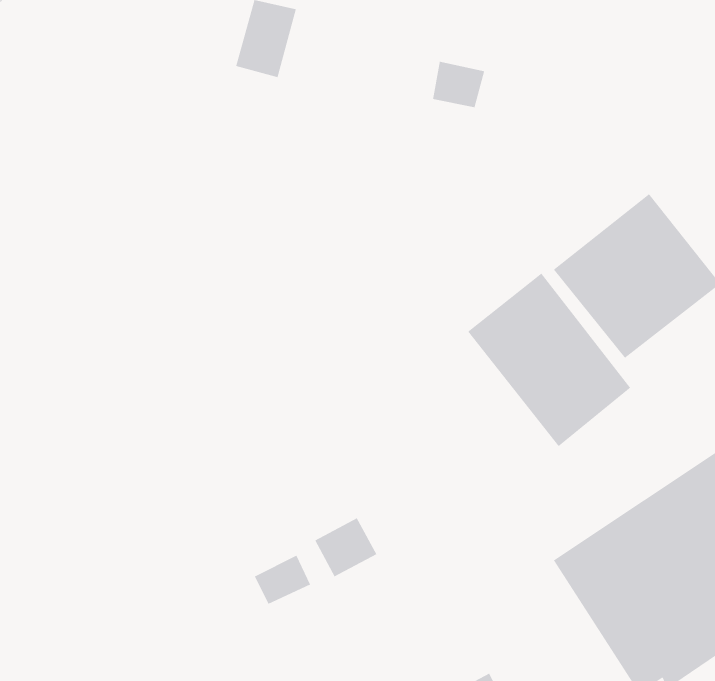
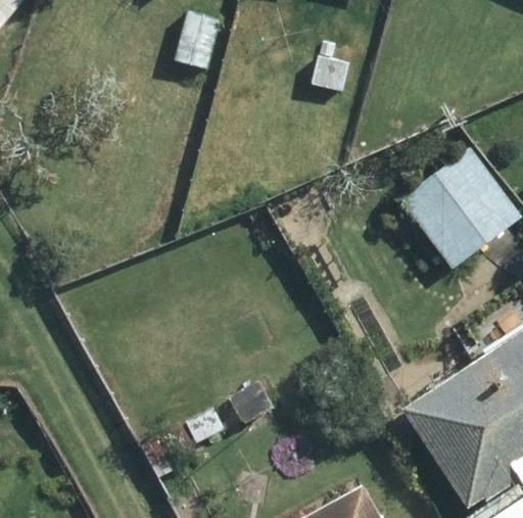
building: [467,273,631,447] -> none

